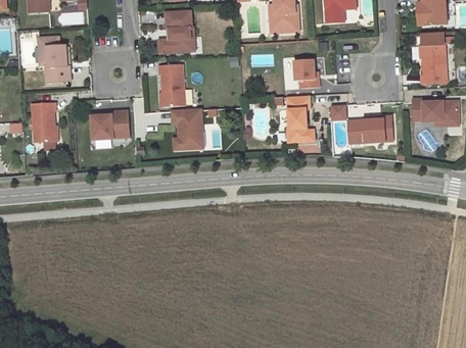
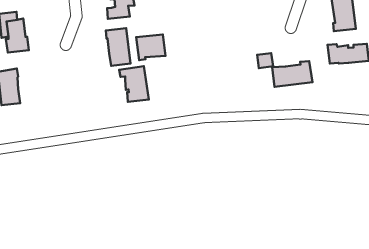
building: [293,59,318,89] -> none
building: none -> [136,35,165,60]
building: [286,95,310,142] -> none
building: [91,111,129,140] -> none

